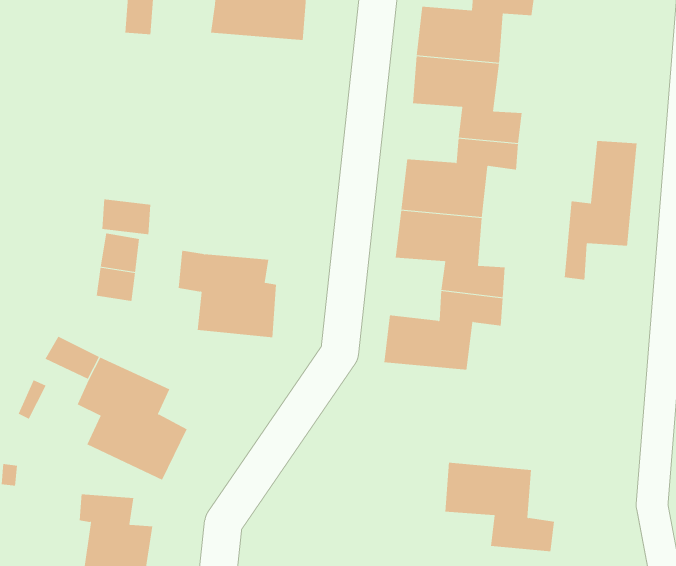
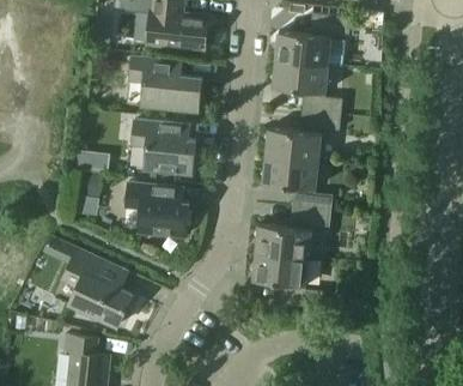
building: none -> [129,56,201,111]
building: [564,140,637,280] -> none
building: none -> [132,120,195,174]
building: [444,462,555,552] -> [252,252,322,308]

